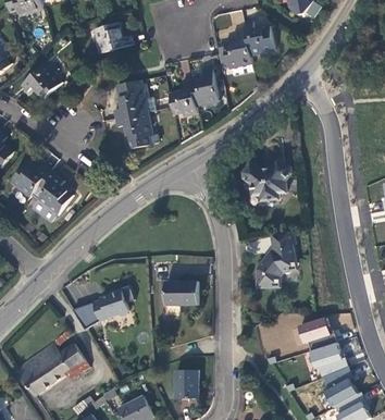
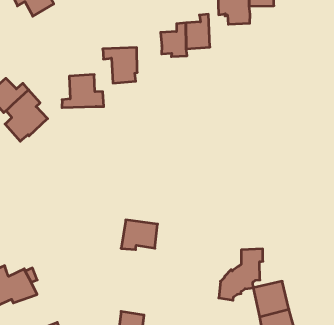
building: [114,82,156,119] -> [62,75,104,108]
building: [244,162,291,200] -> none
building: [257,232,295,286] -> [219,249,263,300]
building: [74,285,136,330] -> none

